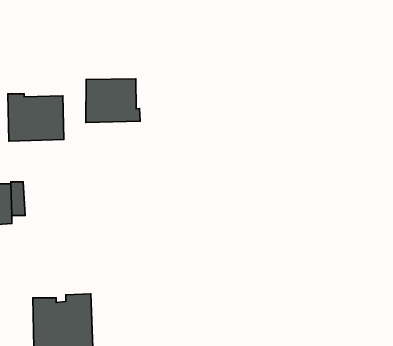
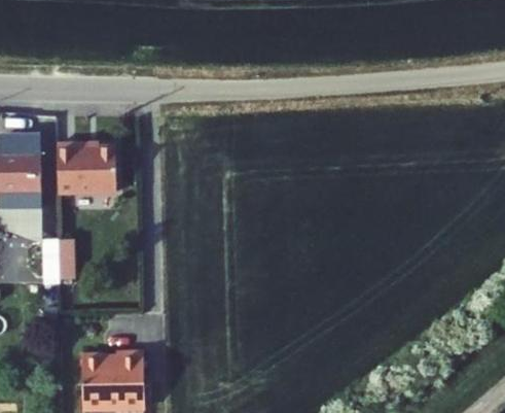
building: [86,79,140,122] -> none

